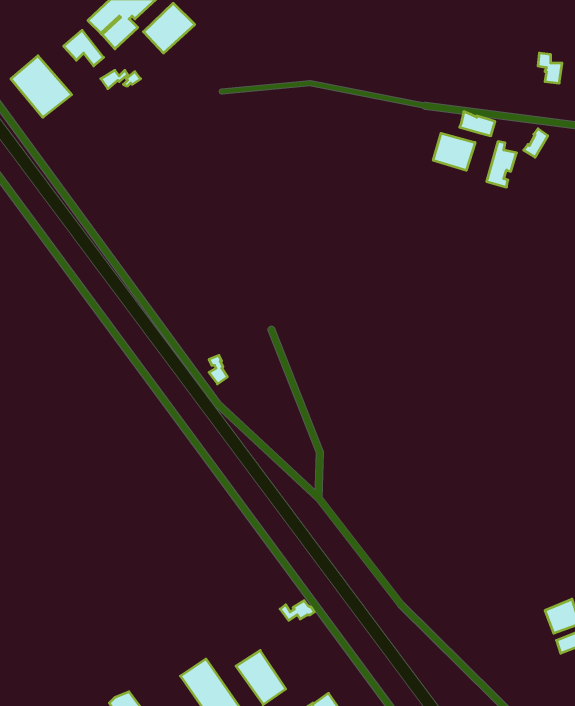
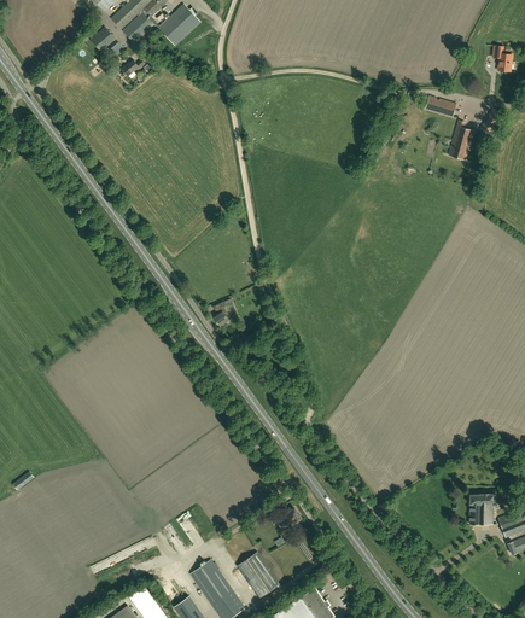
building: [11,56,72,117] -> none
building: [433,133,475,170] -> none
building: none -> [469,495,494,524]

